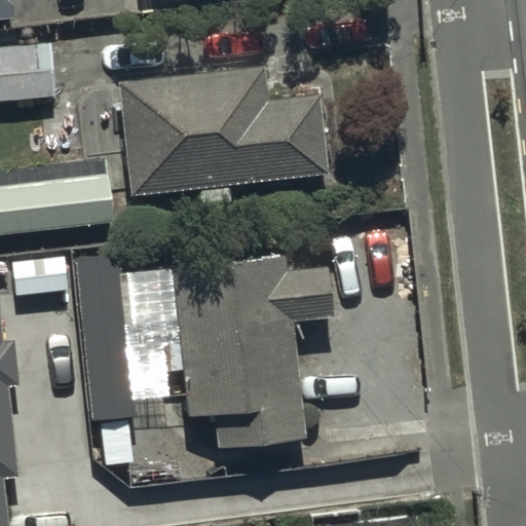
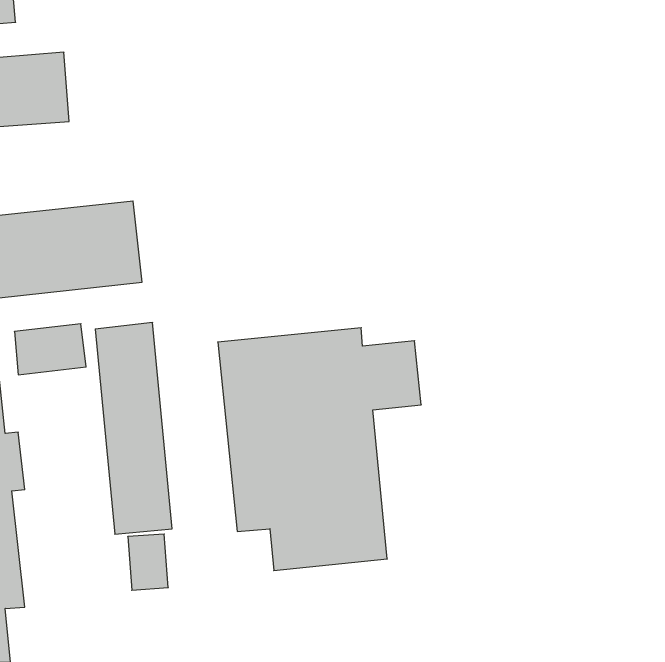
building: [118,66,328,195] -> none

